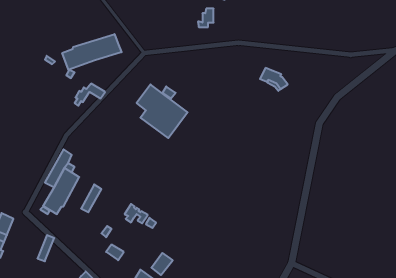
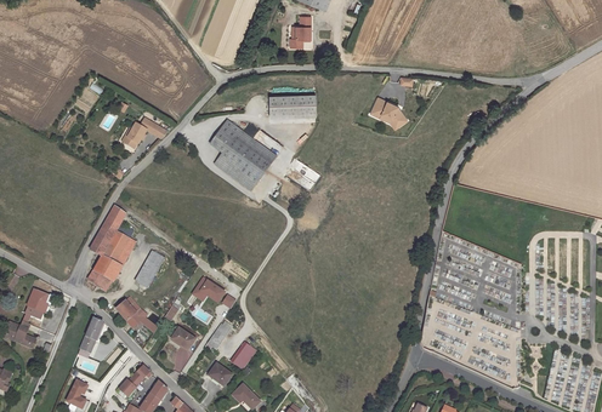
building: [62,34,122,70] -> none
building: none -> [269,95,316,115]
building: none -> [115,296,157,332]

